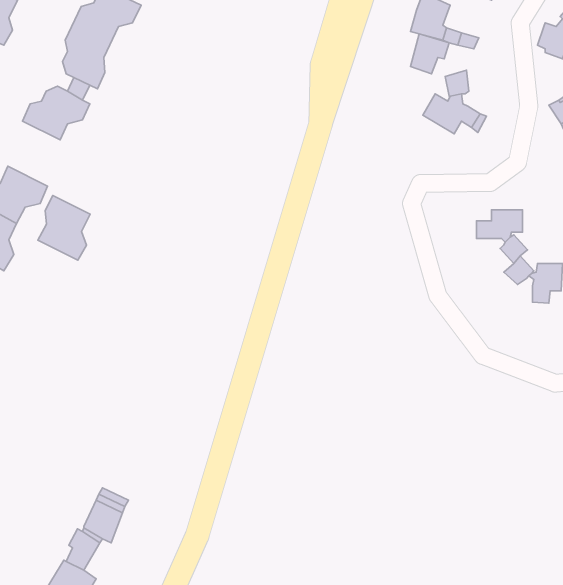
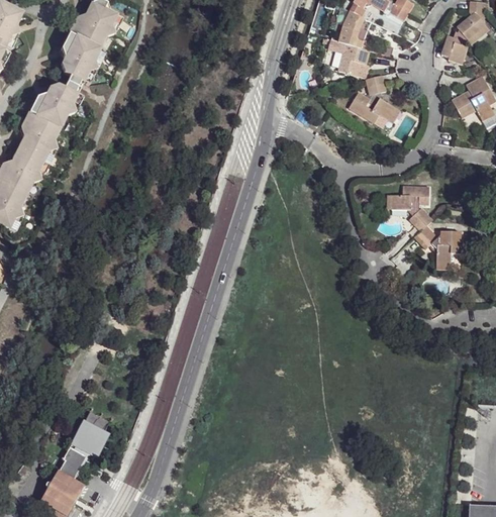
building: [38,195,90,260] -> [12,115,55,168]

